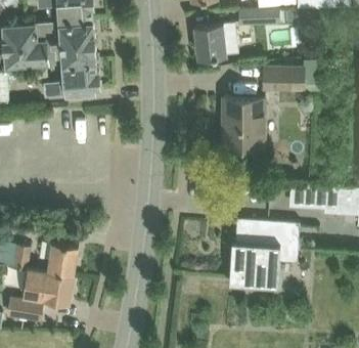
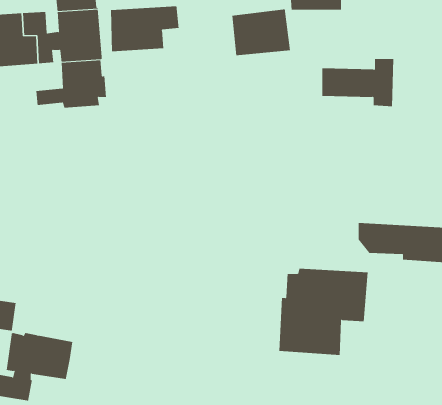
building: none -> [111,6,179,52]
building: [222,98,263,148] -> none
building: [39,244,79,276] -> none

